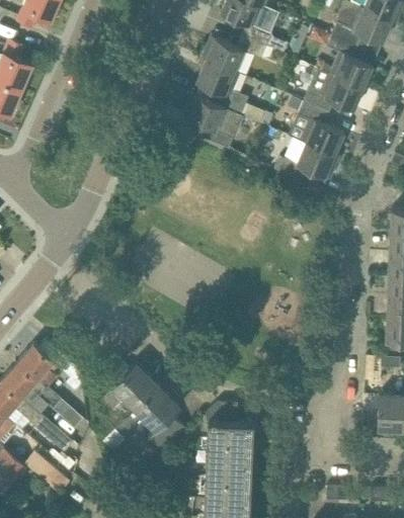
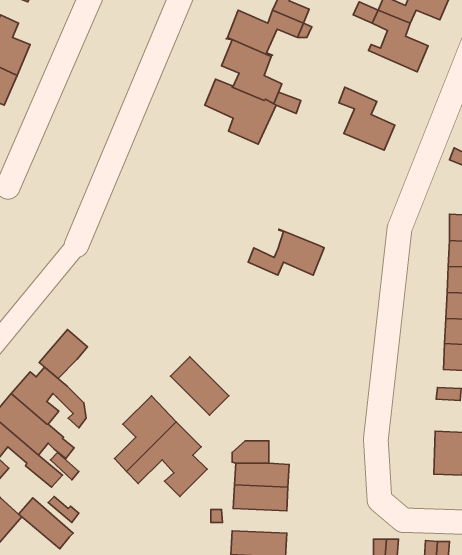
building: [302,70,363,113] -> none
building: [274,141,339,180] -> [248,229,324,275]
building: none -> [39,330,88,379]
building: none -> [170,357,229,415]
building: [206,460,252,482] -> none

